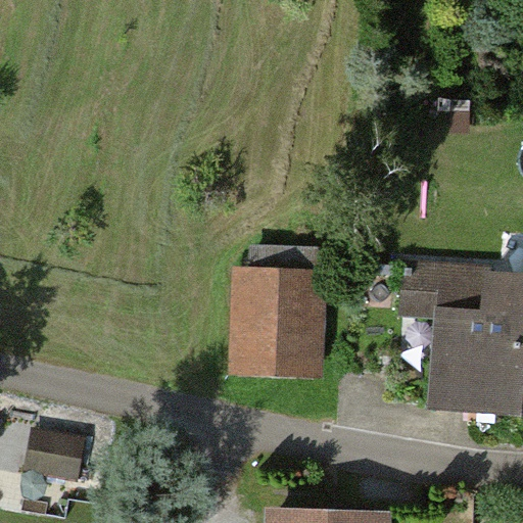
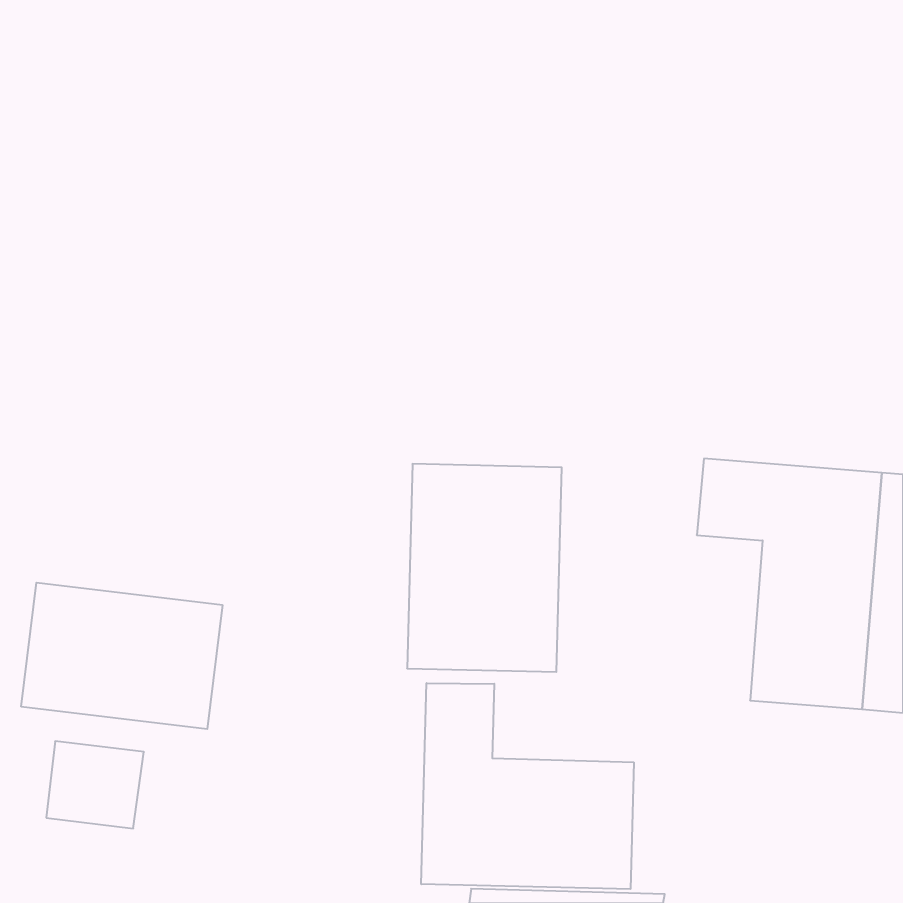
building: none -> [21,583,222,729]
building: none -> [421,683,634,889]

